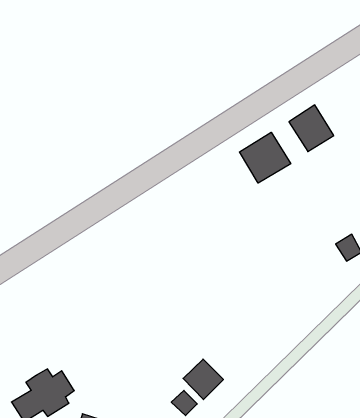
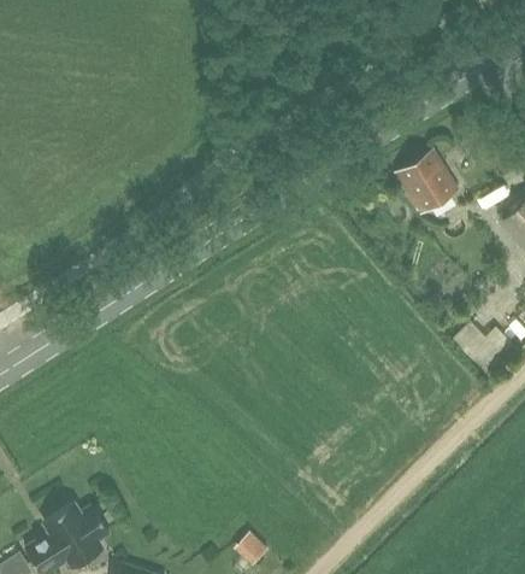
building: [239,132,291,183] -> none
building: [183,359,223,400] -> none

